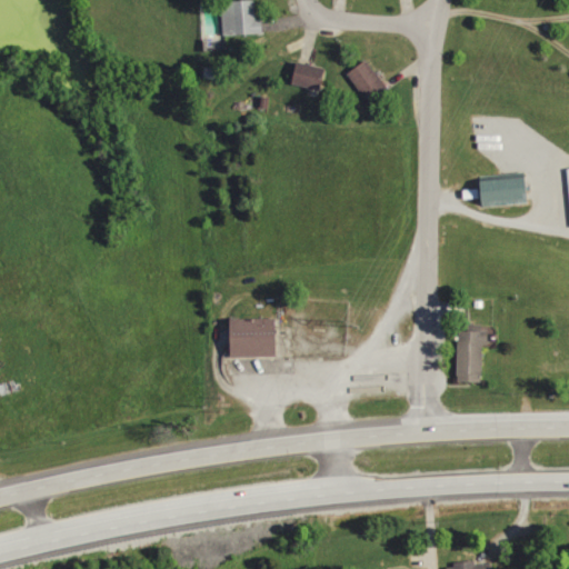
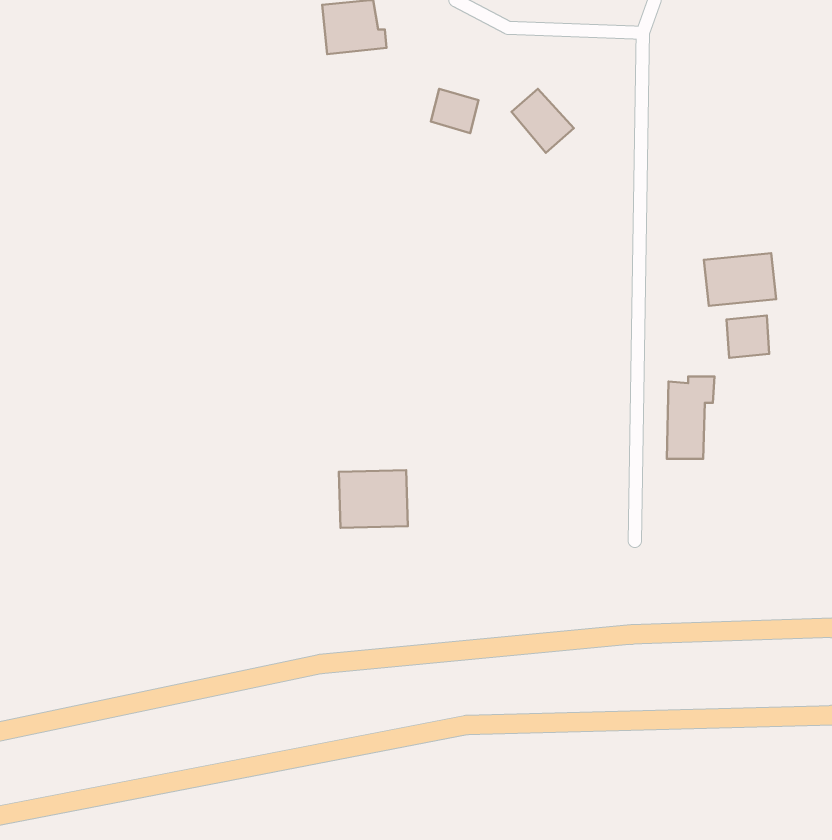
building: none -> [727,316,769,358]
building: [456,327,488,382] -> [667,377,715,459]

